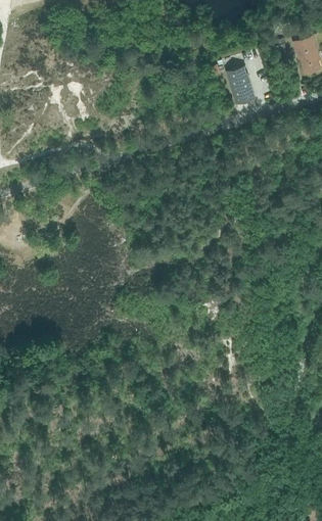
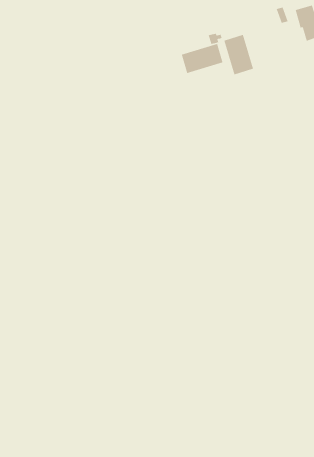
building: none -> [181,43,223,74]

